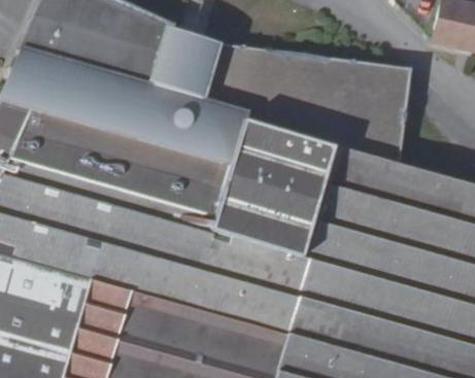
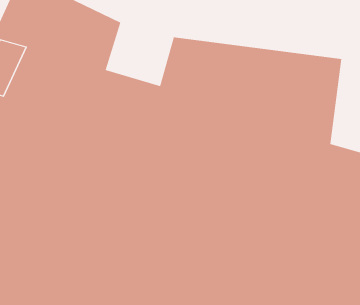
building: [145,30,220,101] -> none

